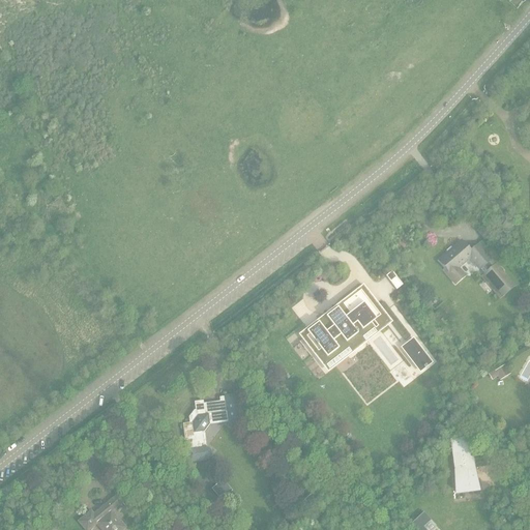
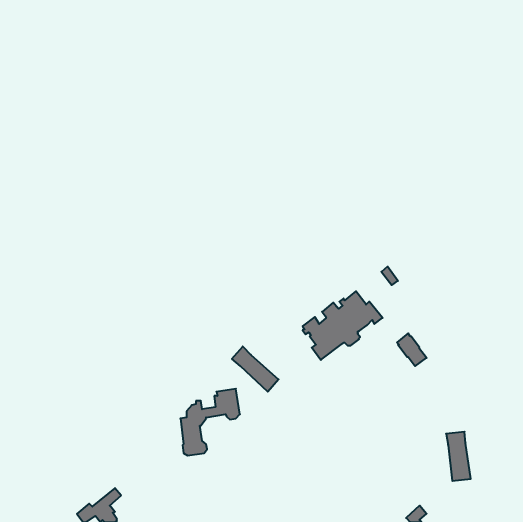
building: [439,240,516,297] -> none
building: none -> [232,346,279,392]

